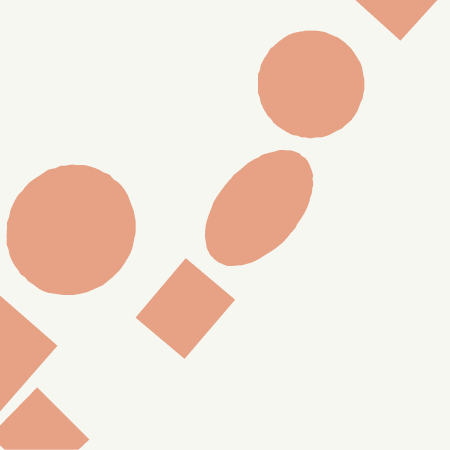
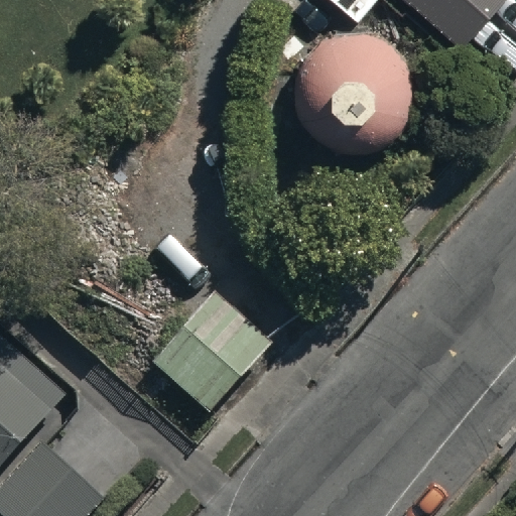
building: [204,149,314,267] -> none
building: [6,164,136,296] -> none

